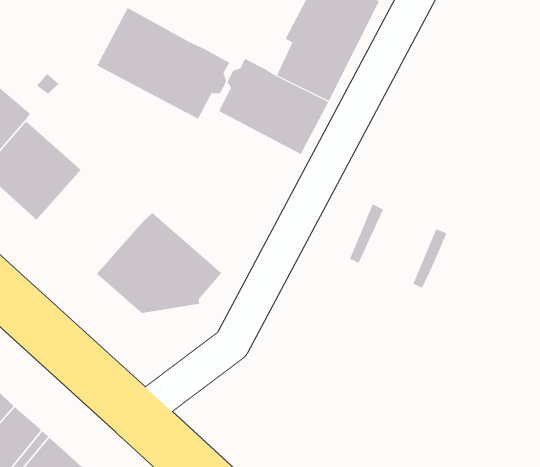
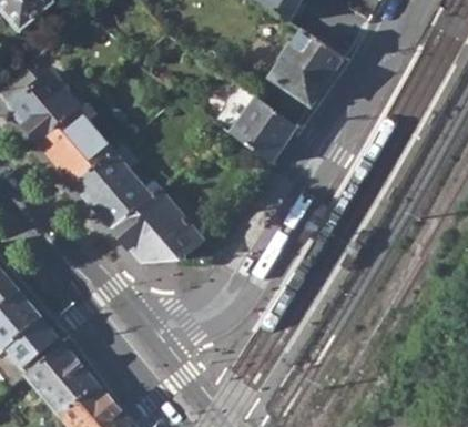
building: [97,7,230,119] -> none
building: none -> [75,152,151,228]

